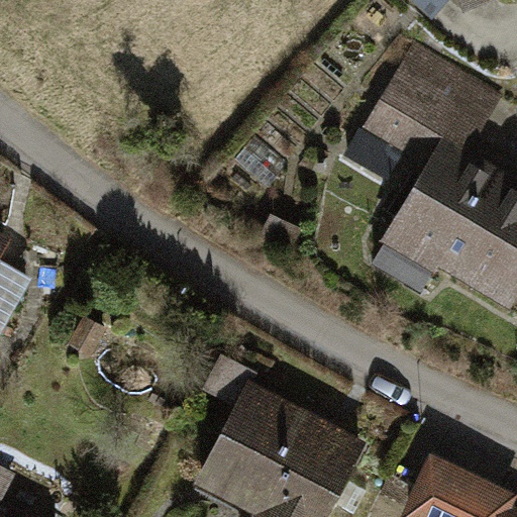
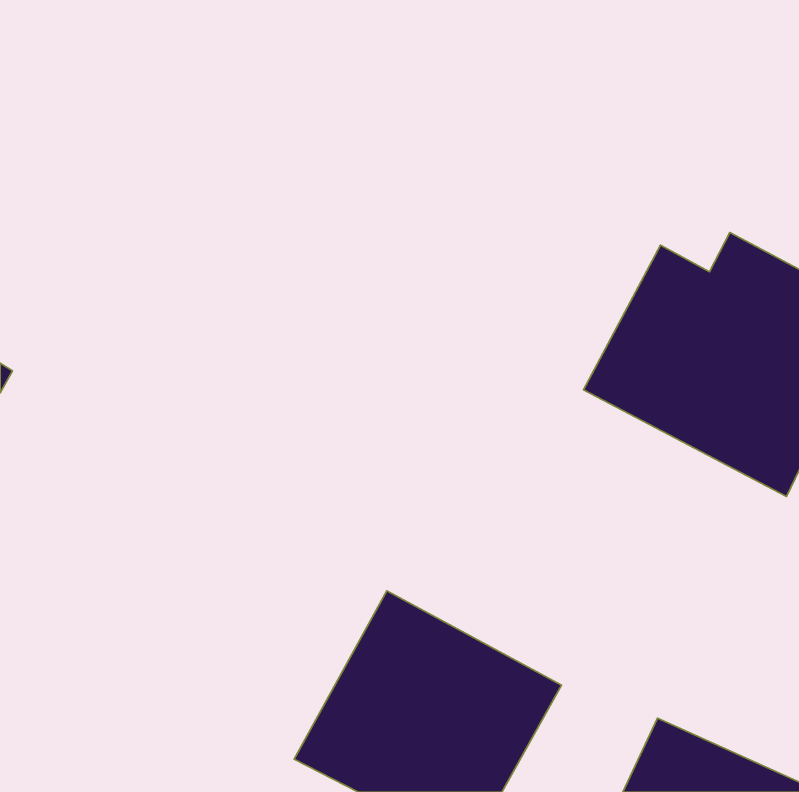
building: [377,55,499,175] -> none

